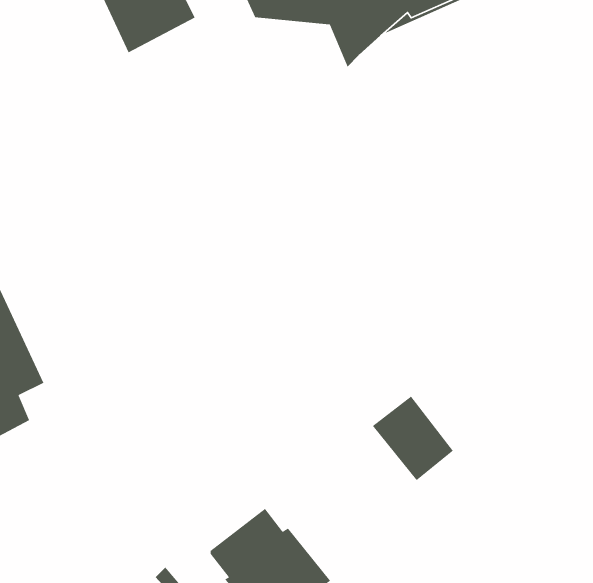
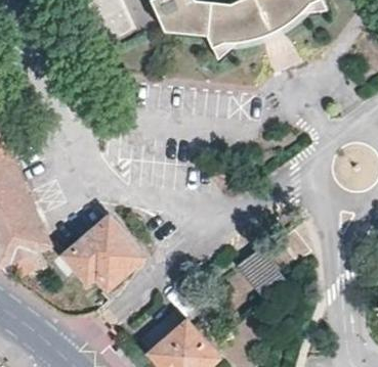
building: none -> [60,222,135,287]

